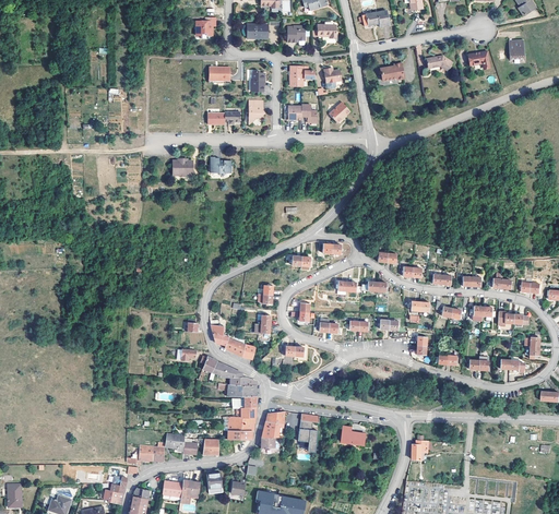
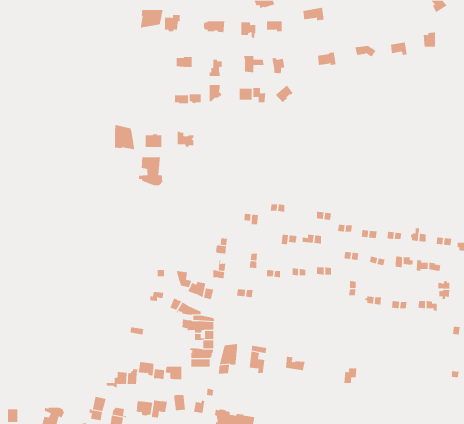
building: none -> [140,9,163,28]
building: none -> [115,124,135,150]
building: none -> [138,157,163,186]

